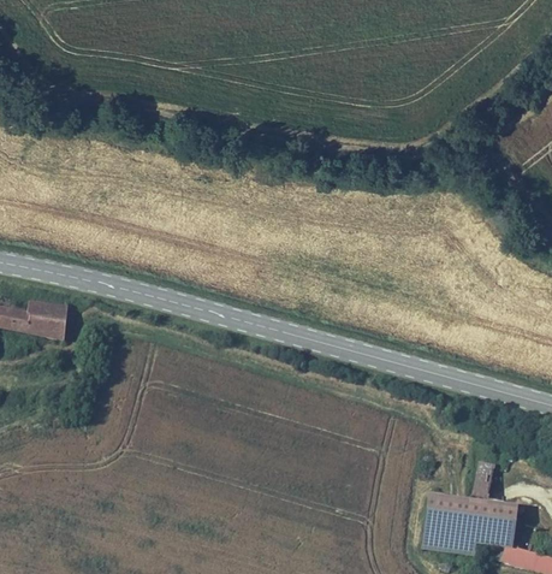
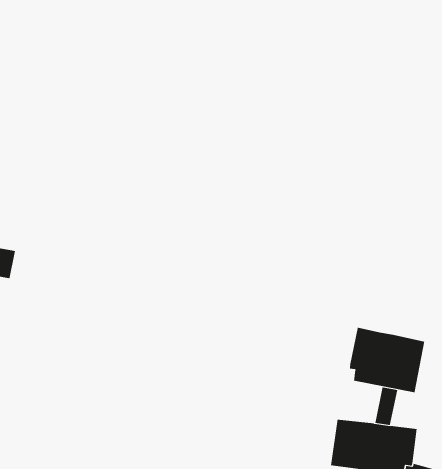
building: none -> [349,327,425,393]

